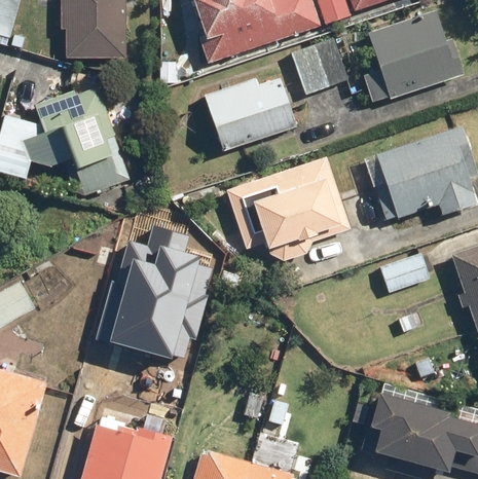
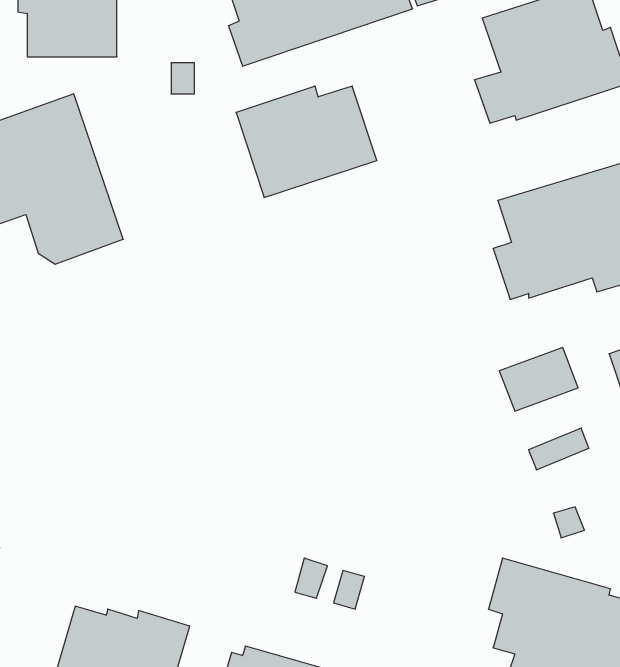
building: [290,38,347,95] -> none
building: [225,157,351,254] -> none
building: [97,226,216,358] -> none

